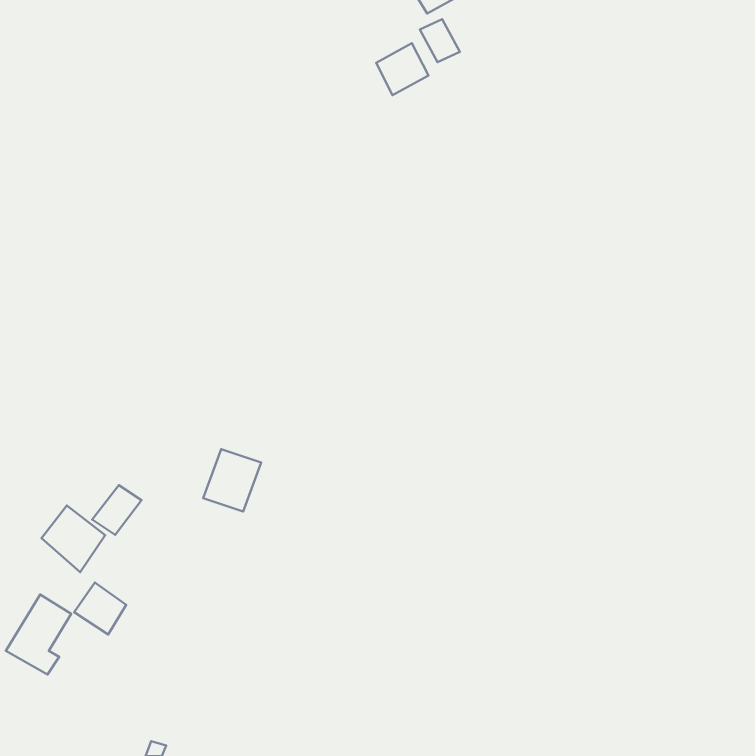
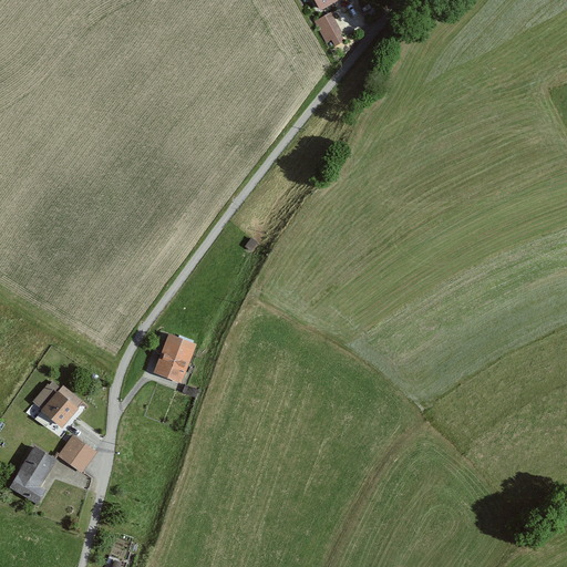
building: [376,43,428,95] -> none
building: [92,485,142,535] -> none

